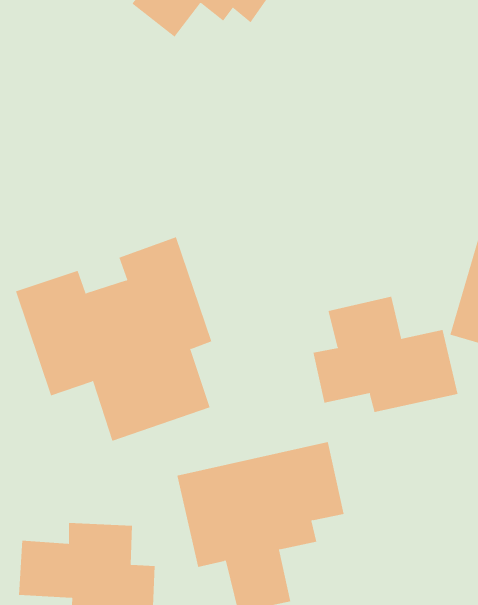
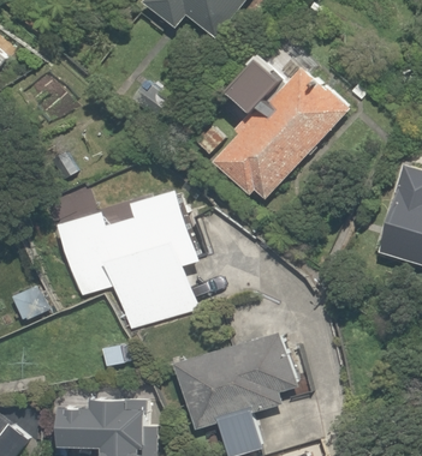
building: none -> [203,58,347,200]
building: [313,296,458,413] -> none

